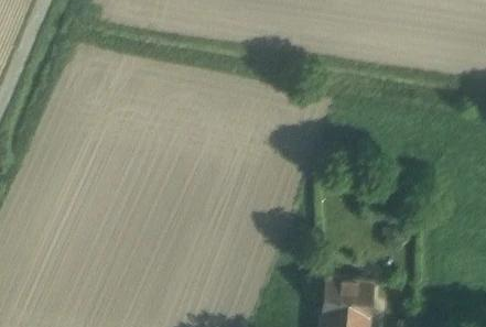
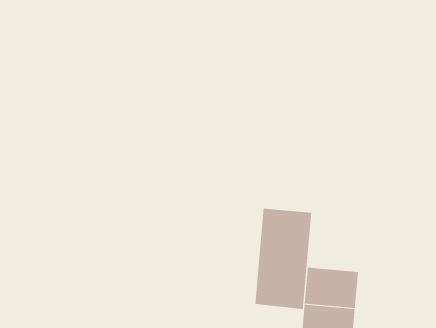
building: none -> [255,208,312,310]

